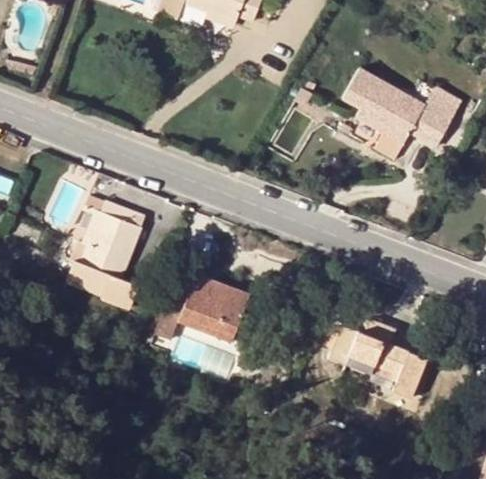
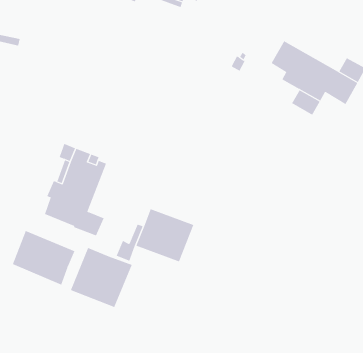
building: none -> [12,230,75,285]
building: [329,318,428,398] -> none
building: none -> [70,247,132,308]

